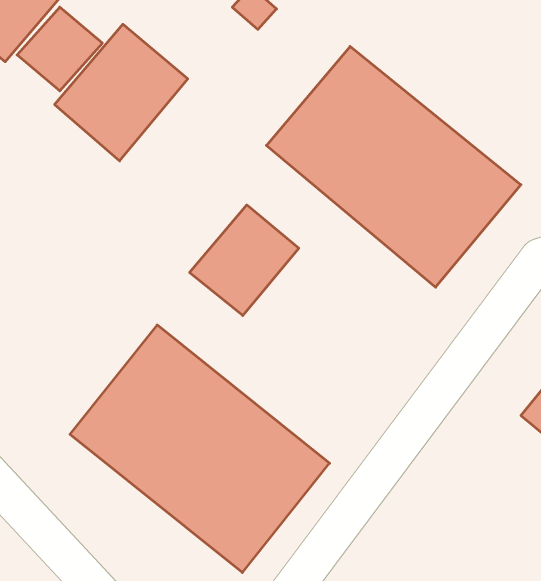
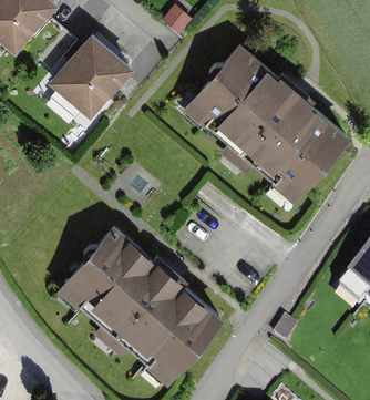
building: [190,205,299,316] -> none

